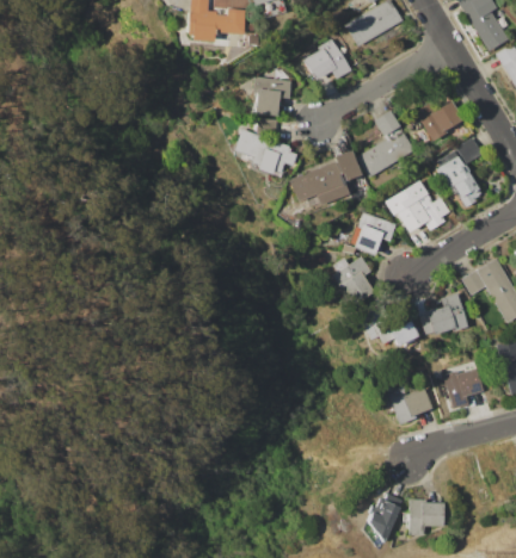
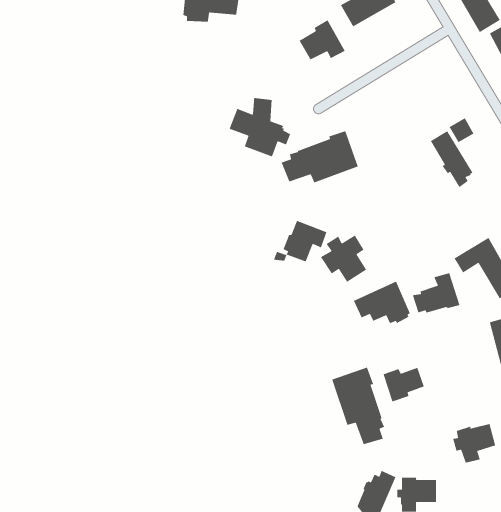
building: [254,69,293,116] -> none
building: [416,100,463,141] -> none
building: [358,110,416,178] -> none
building: [387,180,452,231] -> none
building: [342,212,397,255] -> [273,220,327,263]
building: [440,367,484,408] -> [452,423,496,463]
building: none -> [331,367,385,445]

